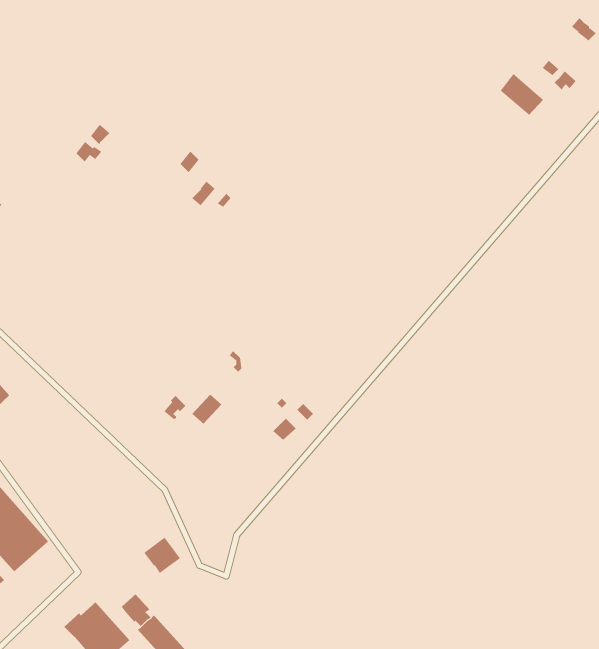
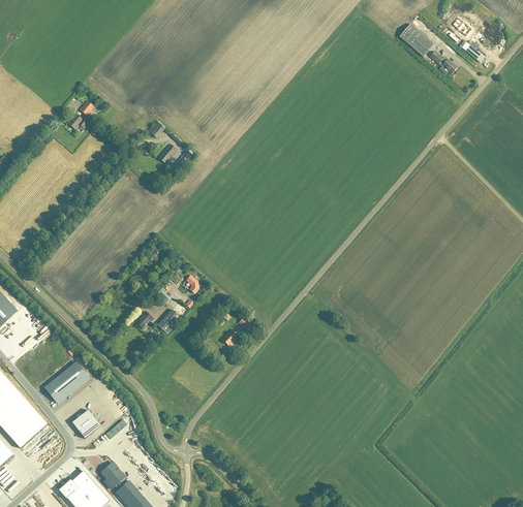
building: [500,73,544,116] -> [399,23,433,56]
building: none -> [43,360,88,403]
building: [144,537,181,574] -> [71,409,100,438]

